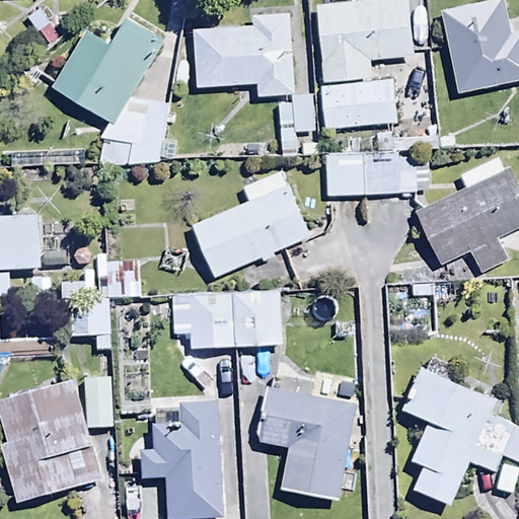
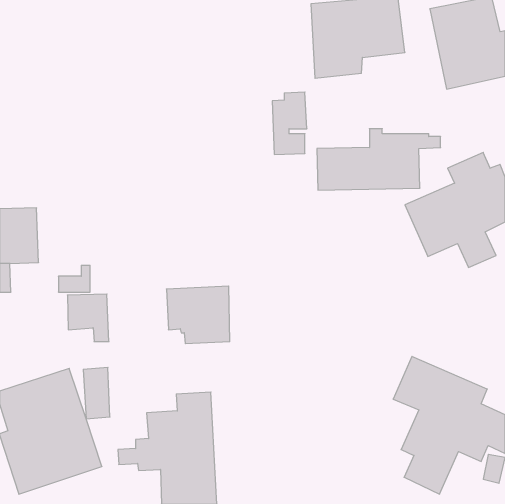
building: [192,13,293,93] -> none
building: [52,14,168,166] -> none
building: [320,81,394,126] -> none
building: [192,170,311,278] -> none
building: [234,291,281,350] -> none
building: [258,381,356,501] -> none

